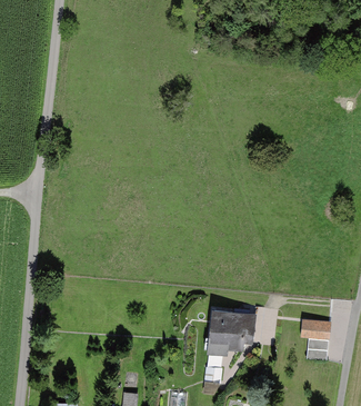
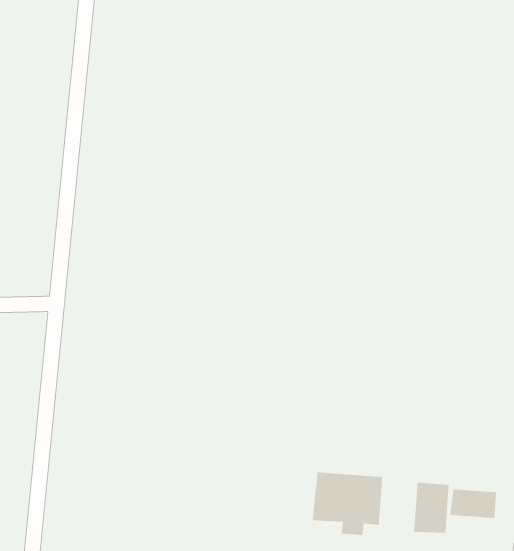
building: none -> [413,482,450,534]

